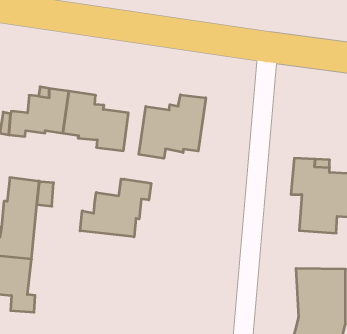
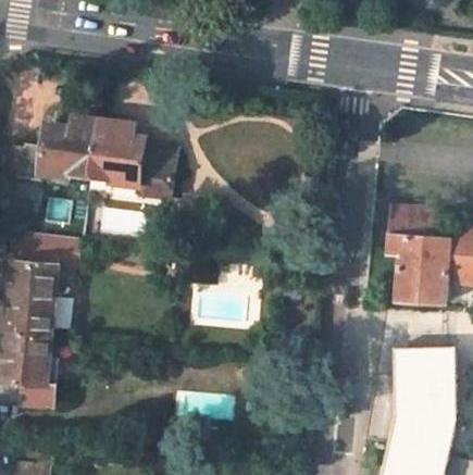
building: [139,95,206,158] -> none
building: [80,179,151,237] -> none

